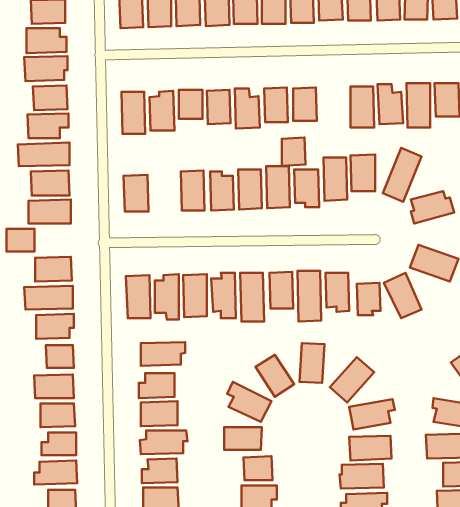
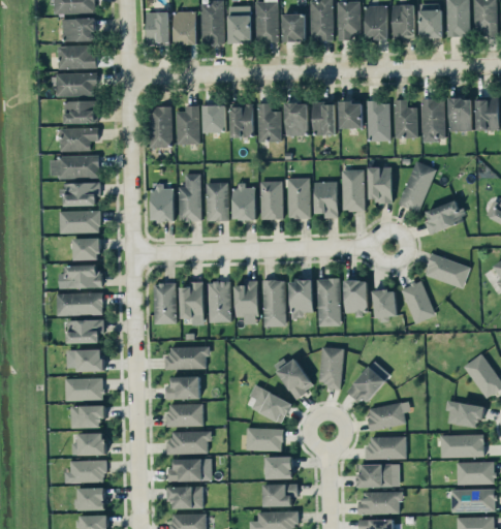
building: [282,138,305,166] -> [340,101,363,128]
building: none -> [179,174,200,220]
building: [6,229,34,251] -> [73,238,100,259]

